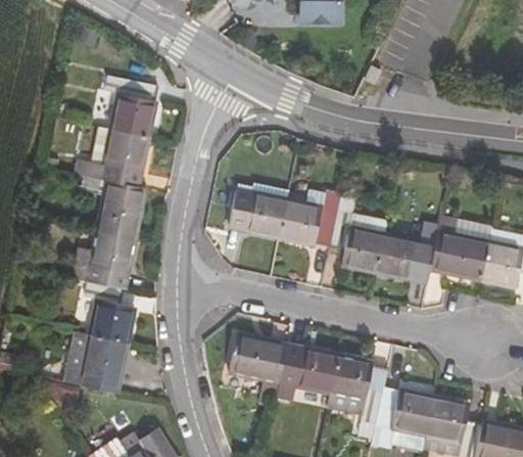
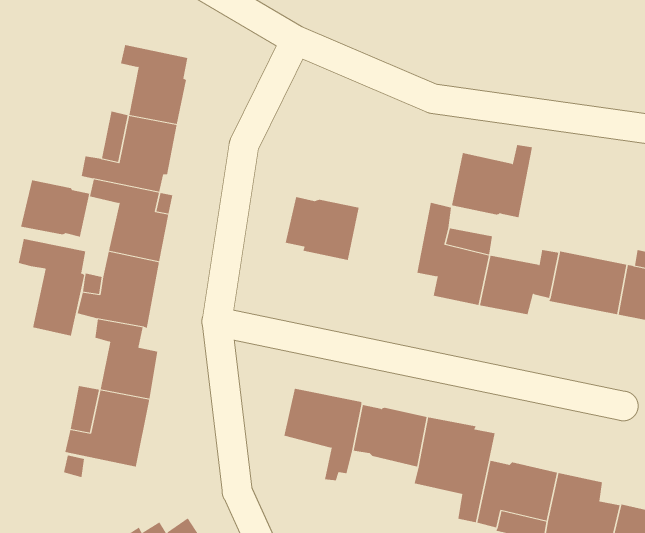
building: none -> [21,179,90,237]
building: [277,192,338,247] -> [451,144,533,218]
building: none -> [18,238,86,336]

